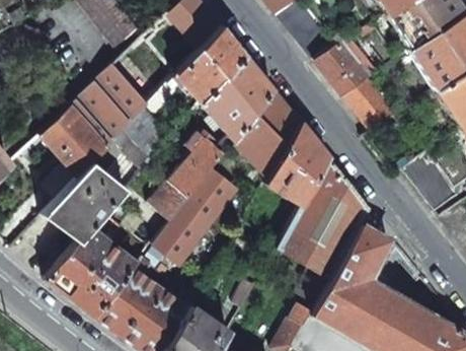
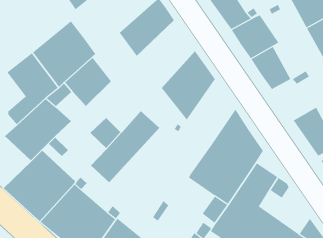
building: [201,53,274,139] -> none
building: [265,123,329,205] -> none
building: [168,138,223,198] -> none

